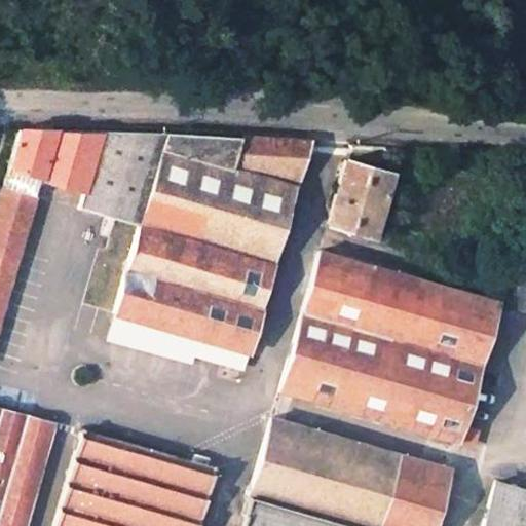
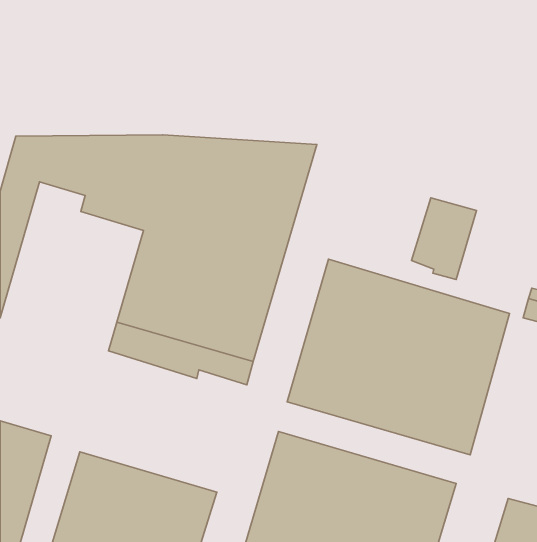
building: [330,161,392,240] -> [412,198,476,280]

